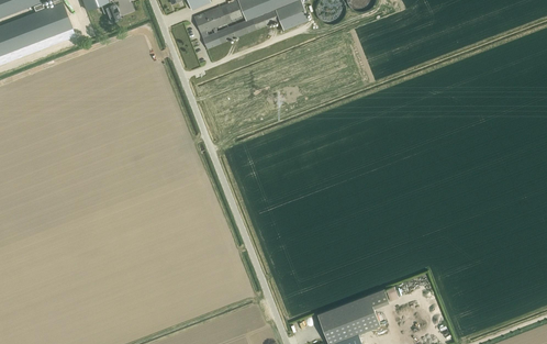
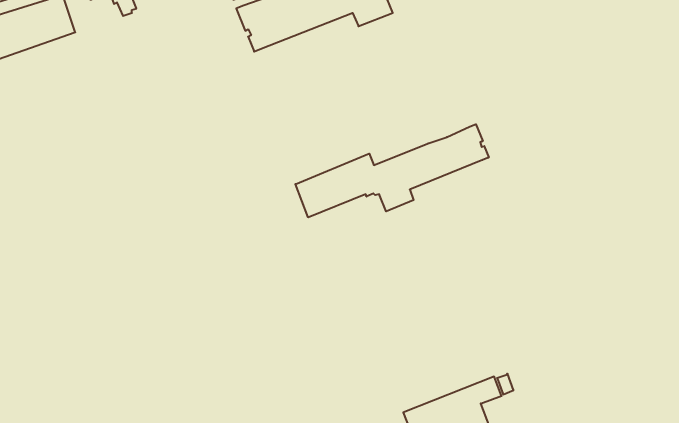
building: none -> [295,124,489,217]

